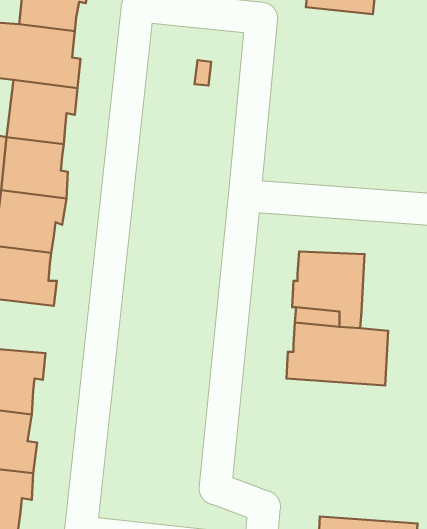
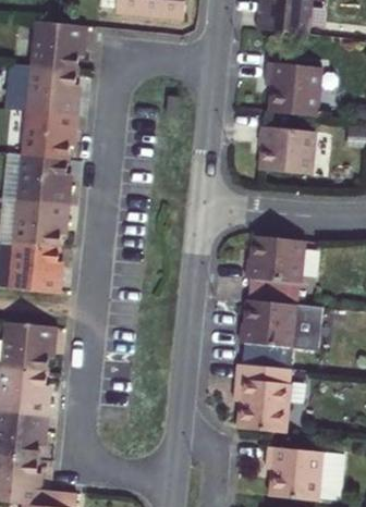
building: none -> [263,78,320,132]
building: none -> [257,143,314,189]
building: none -> [237,363,295,429]

